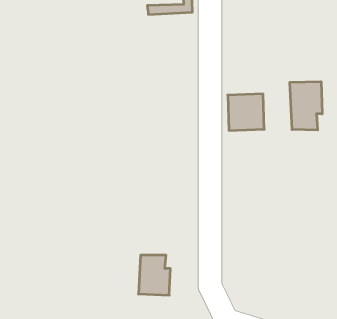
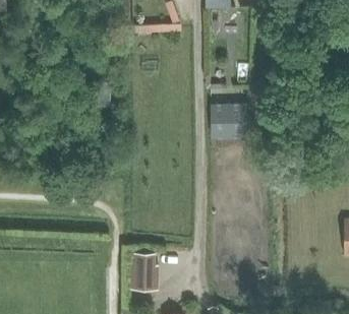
building: [290,82,322,130] -> none

